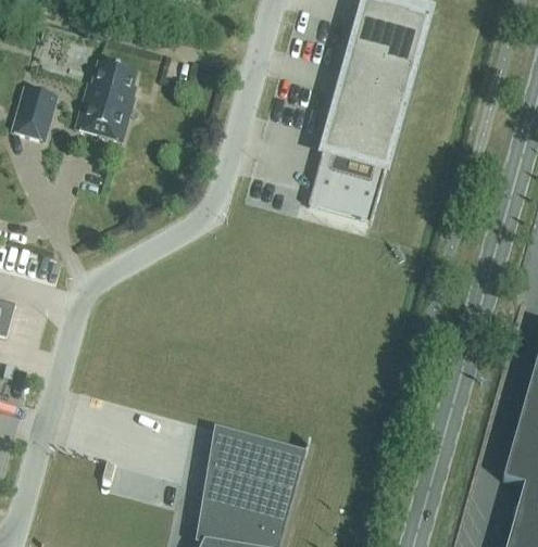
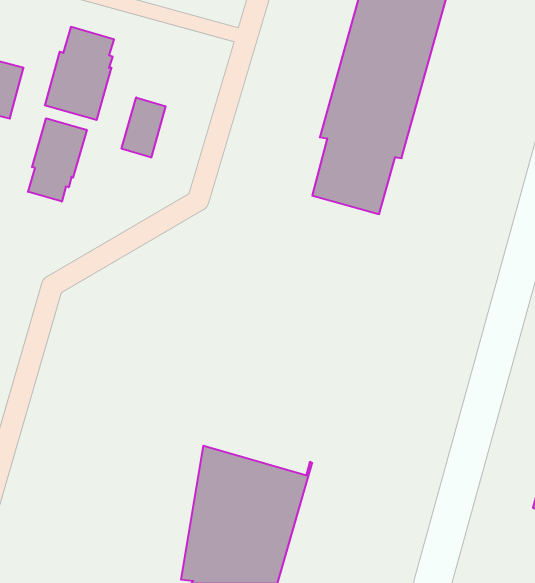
building: none -> [122,97,166,158]
building: none -> [28,118,87,202]

